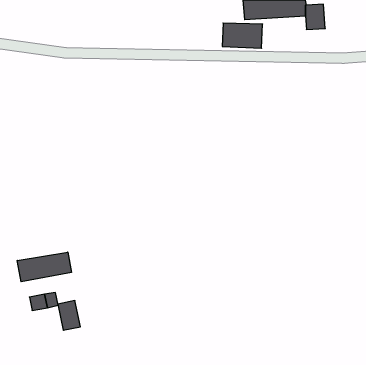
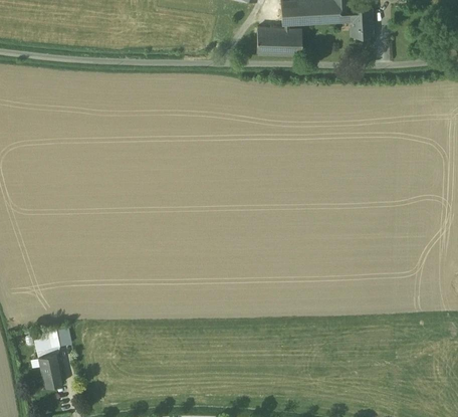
building: [17,252,71,282] -> none
building: [58,301,80,330] -> [38,354,63,387]

